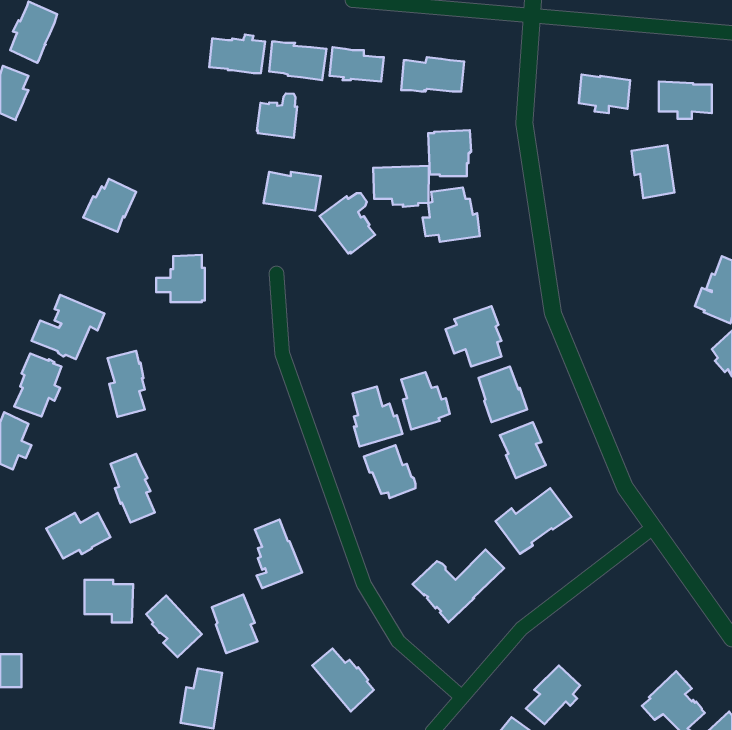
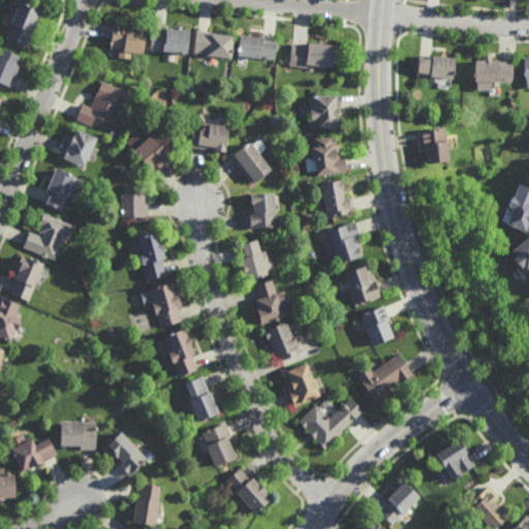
building: none -> [111,24,148,55]
building: [257,94,297,138] -> none
building: none -> [76,82,129,127]
building: [632,145,675,198] -> [418,127,449,165]
building: [373,166,429,207] -> none
building: none -> [134,132,178,174]
building: none -> [44,169,83,210]
building: none -> [320,180,354,218]
building: none -> [248,193,274,229]
building: [108,351,145,417] -> [139,234,166,281]
building: [401,372,450,429] -> [239,241,274,282]
building: none -> [141,284,181,328]
building: [110,454,155,523] -> [164,328,196,377]
building: none -> [285,363,319,407]
building: [46,513,111,559] -> [11,437,58,470]
building: [212,594,258,653] -> [203,425,236,467]
building: none -> [434,438,475,479]

